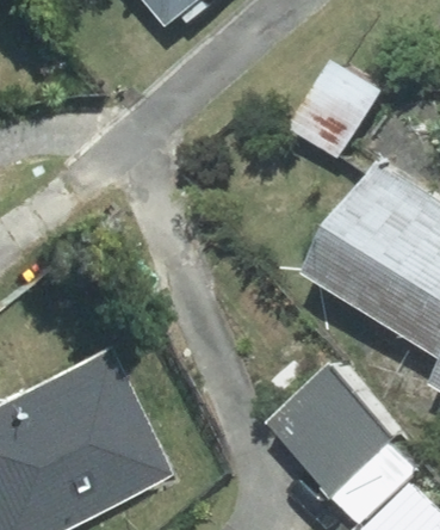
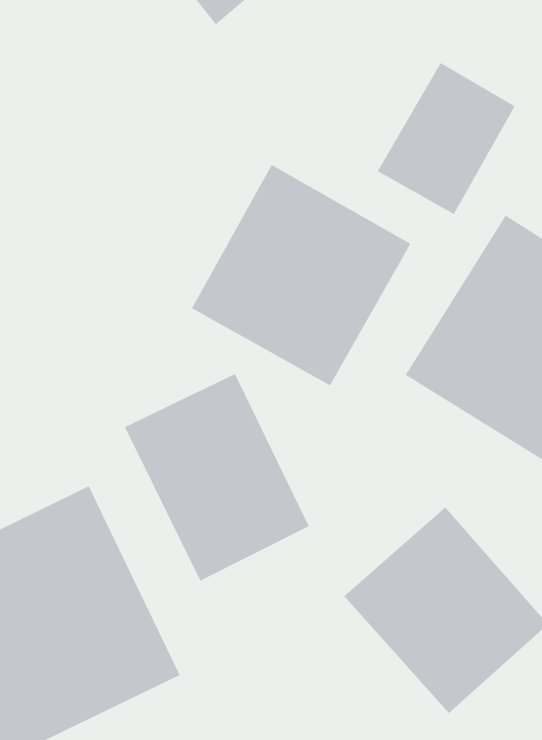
building: none -> [191,164,411,386]
building: none -> [124,373,310,581]

